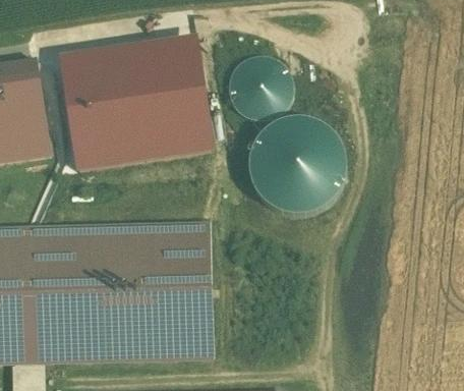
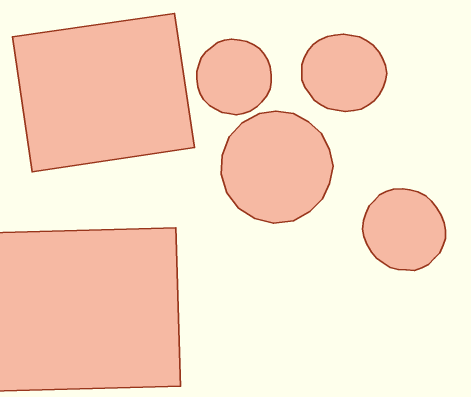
building: none -> [302,34,387,111]
building: none -> [363,189,446,270]

